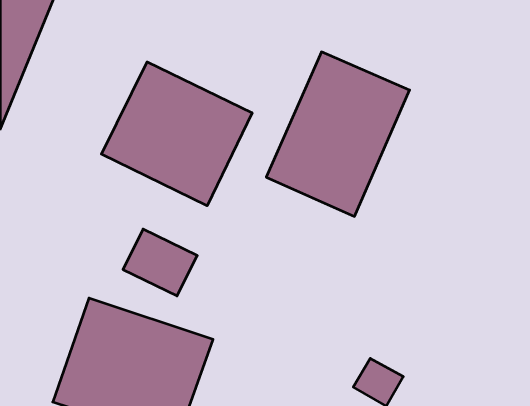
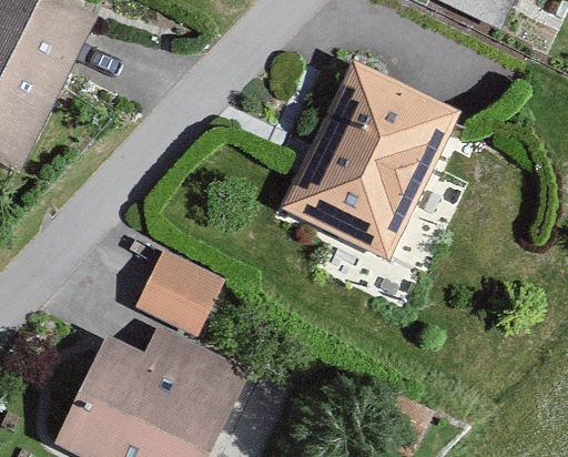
building: [101,62,252,206] -> none

